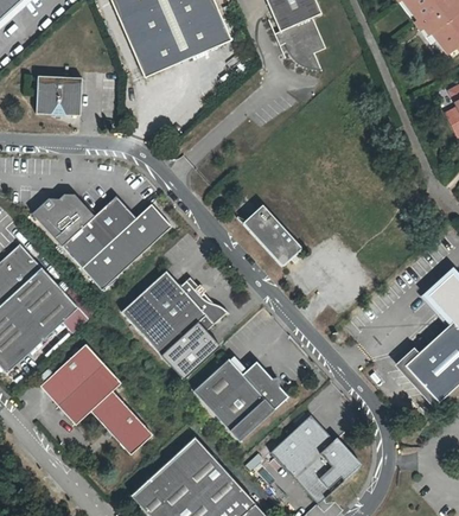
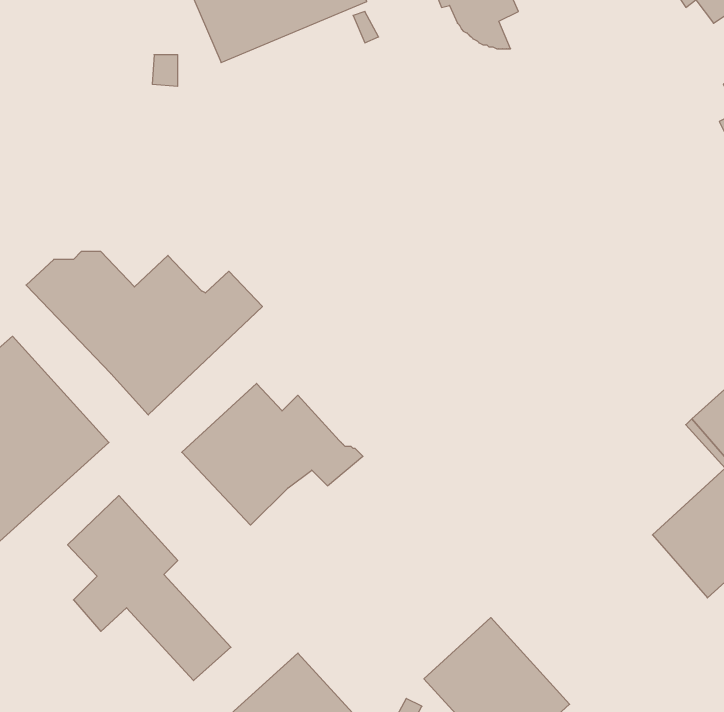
building: [36,76,82,116] -> none
building: [241,204,300,266] -> none
building: [165,324,223,381] -> none
building: [191,355,286,437] -> none
building: [38,369,71,402] -> none

